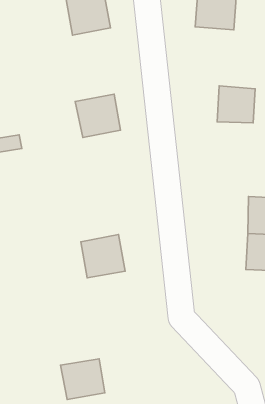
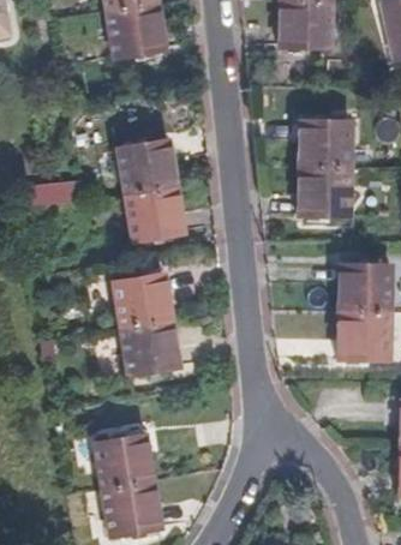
building: none -> [300,167,349,217]
building: none -> [127,178,185,234]
building: none -> [116,265,174,323]
building: none -> [90,426,149,484]

